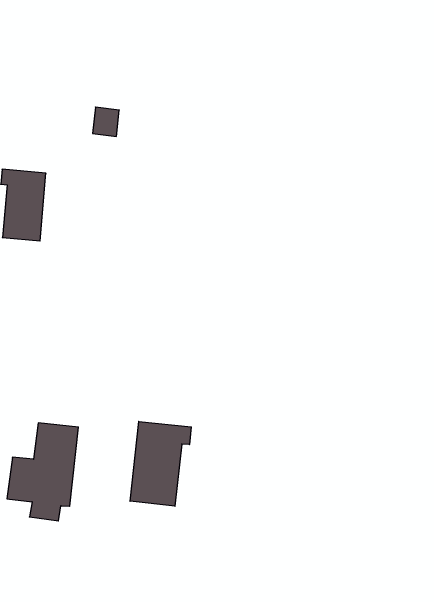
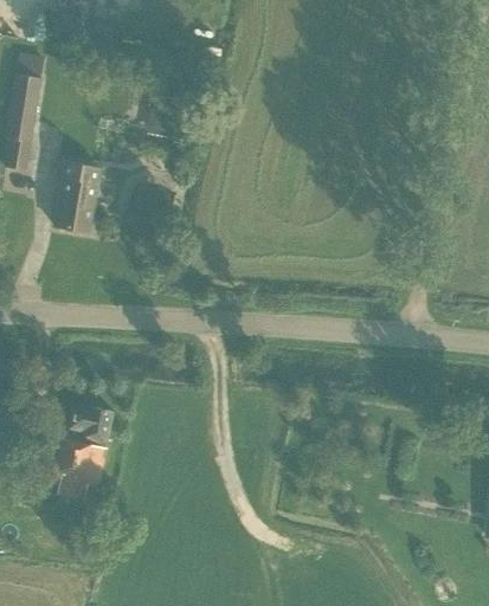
building: [130,421,191,506] -> none

